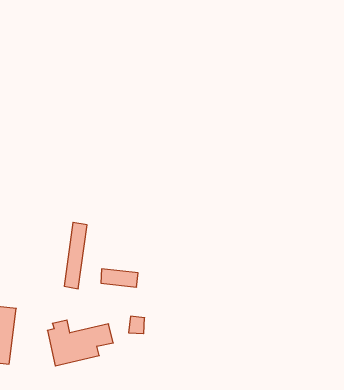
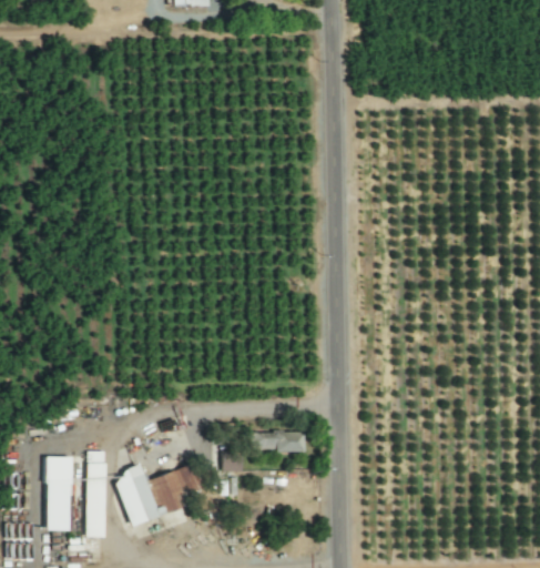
building: [64,222,87,289] -> [85,452,106,538]
building: [101,269,138,287] -> [255,433,304,452]

